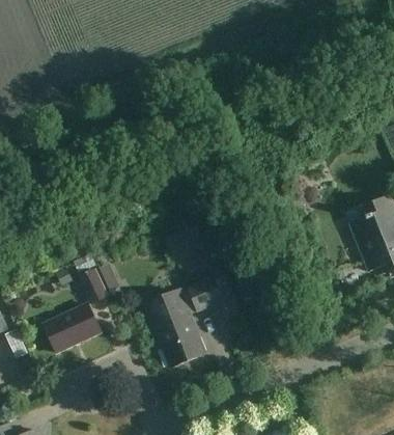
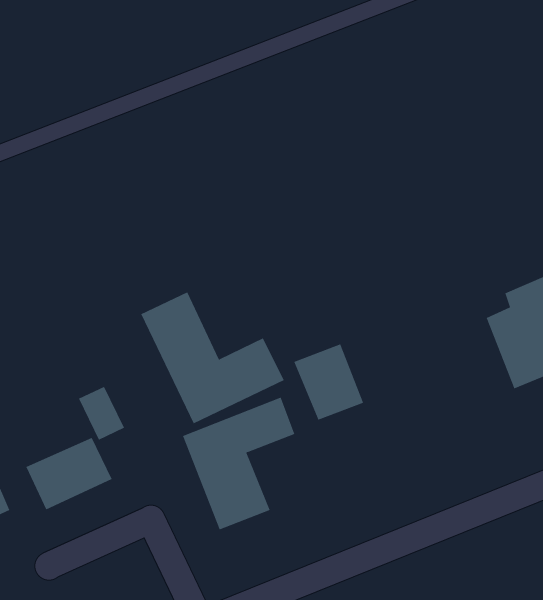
building: none -> [140,291,284,424]
building: none -> [294,343,364,420]

